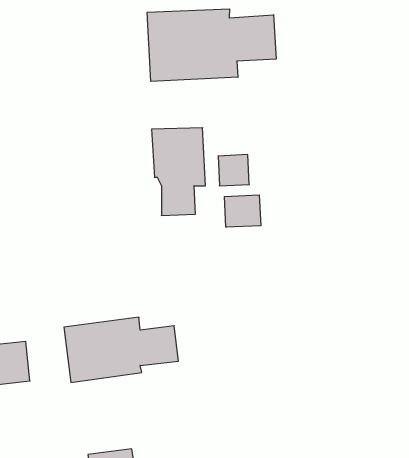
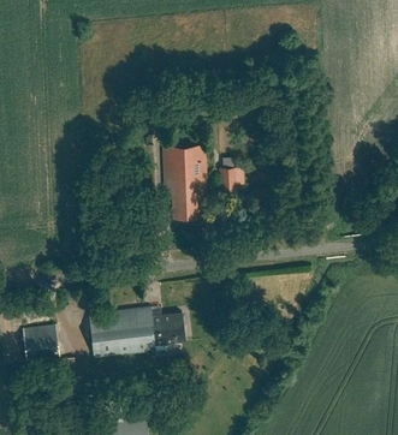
building: [147,9,276,81] -> none
building: [224,195,261,227] -> none

